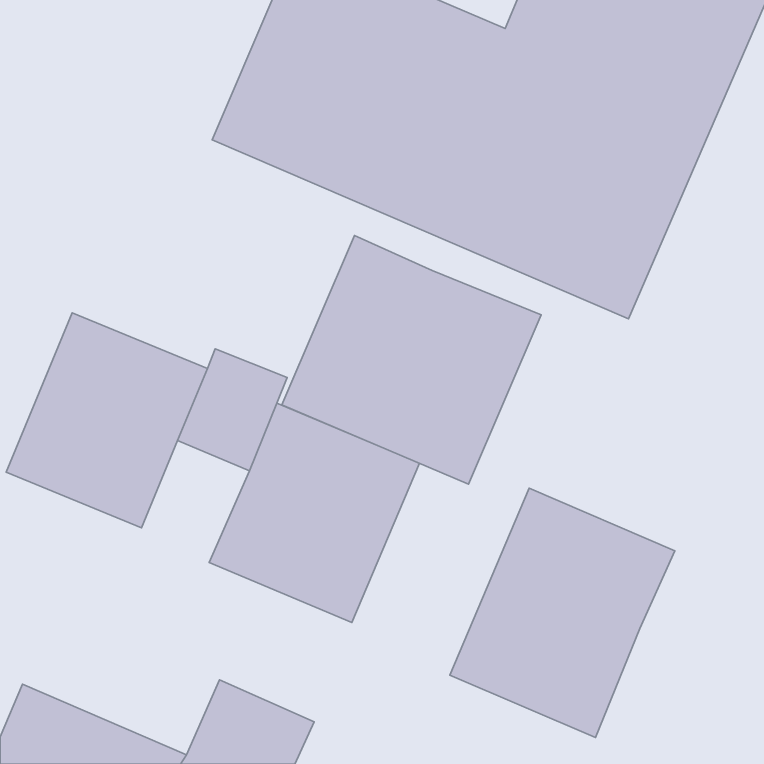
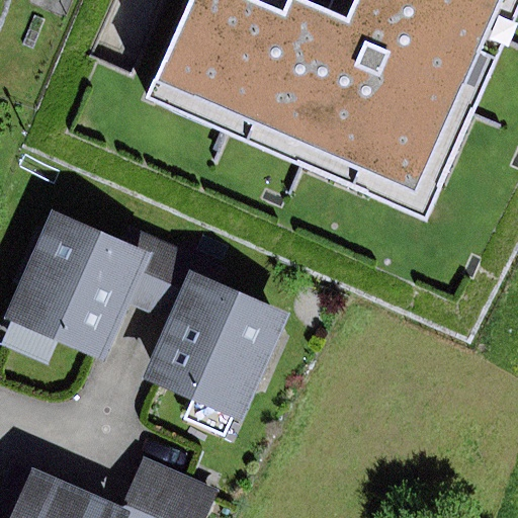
building: [282,235,541,484] -> none
building: [450,488,675,737] -> none

